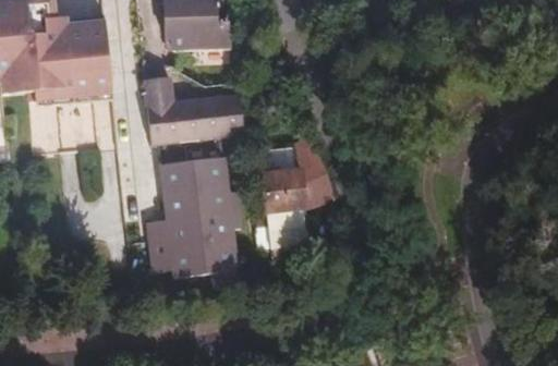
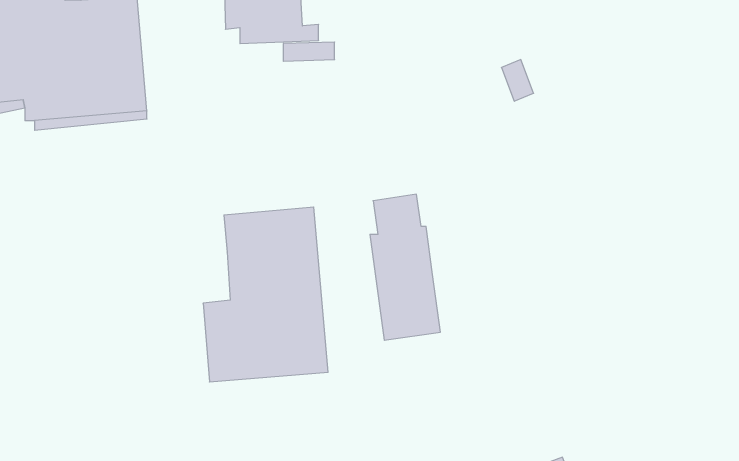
building: [148,81,245,137] -> none
building: [294,144,333,205] -> none

